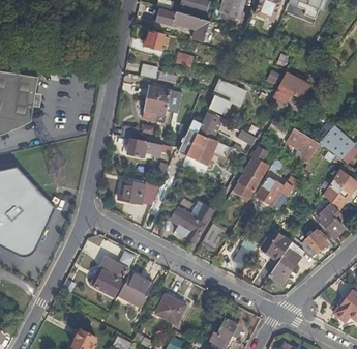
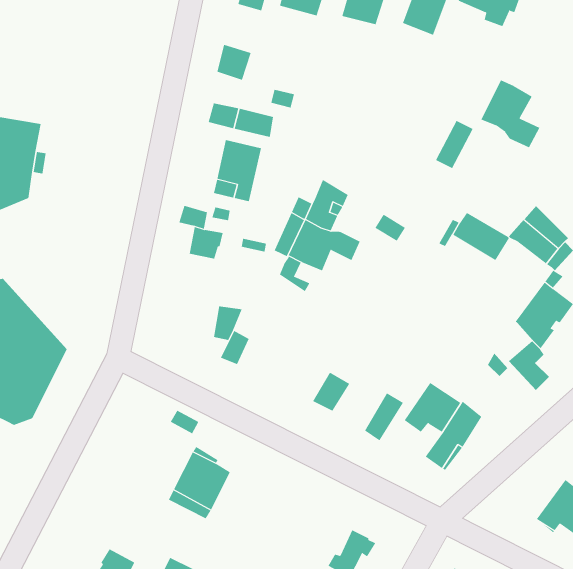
building: [155,9,214,42] -> none
building: none -> [481,79,540,148]
building: [207,80,245,113] -> none
building: [233,147,267,198] -> none
building: [256,176,282,205] -> none
building: [118,179,145,203] -> none
building: [170,205,213,241] -> none
building: [291,230,327,256] -> none
building: [91,258,127,295] -> none
building: [154,293,185,323] -> none

